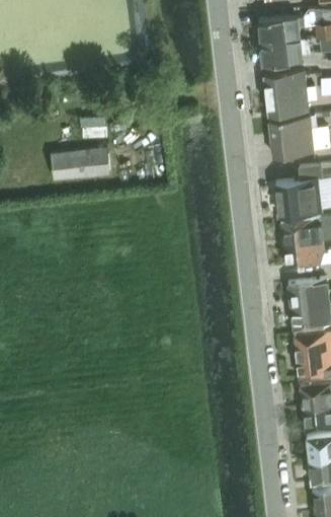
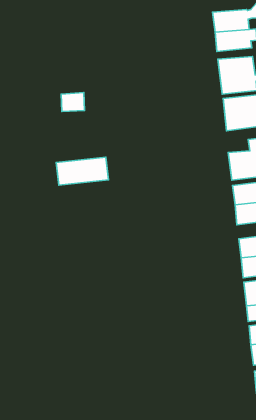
building: [51,148,111,180] -> [56,157,109,185]

